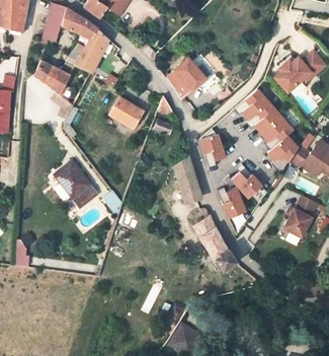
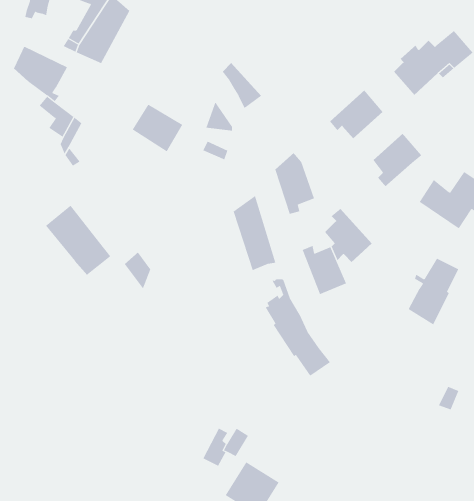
building: [173,59,205,92] -> none
building: [246,102,281,133] -> none
building: [267,135,299,173] -> none

